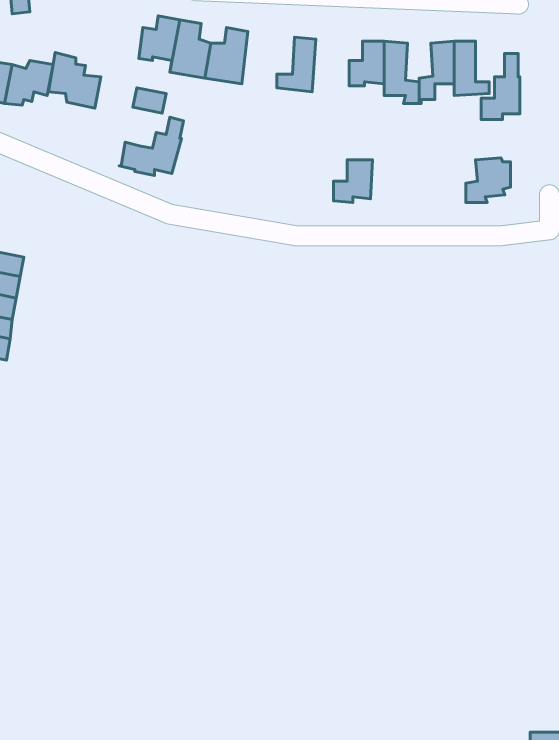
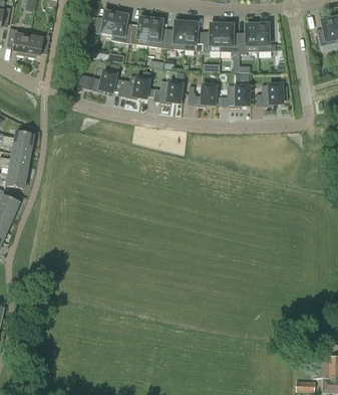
building: none -> [147,18,165,47]
building: none -> [184,22,203,50]
building: [48,53,101,108] -> none
building: [481,53,520,120] -> [229,73,249,108]
building: none -> [119,70,150,100]
building: none -> [159,71,184,104]

